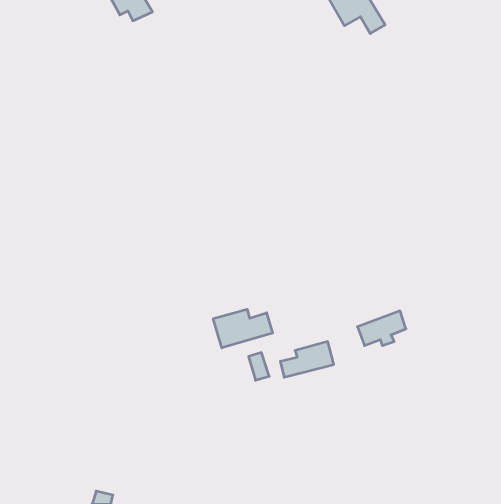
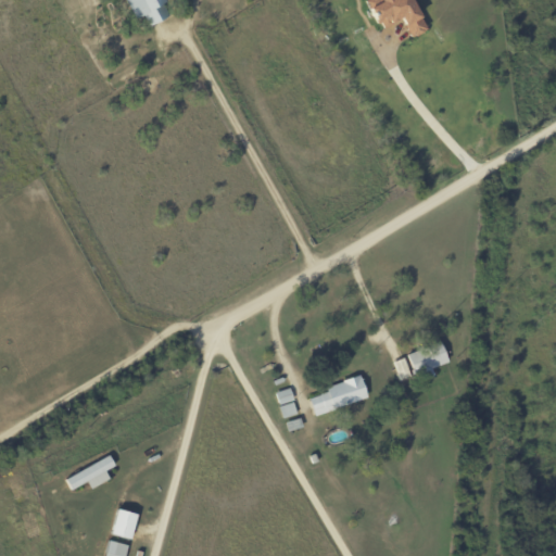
building: [213,309,273,348] -> none
building: none -> [65,456,116,489]
building: none -> [111,507,138,538]

